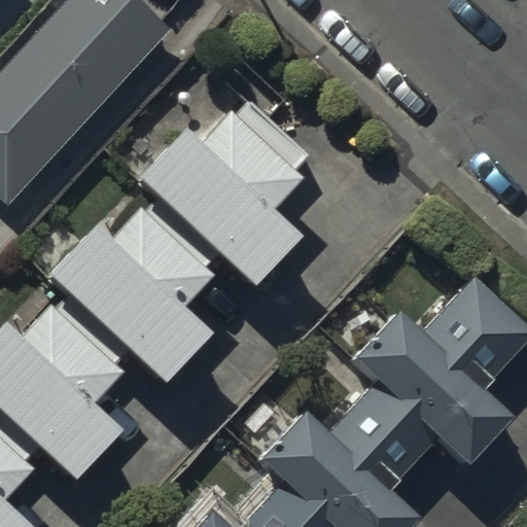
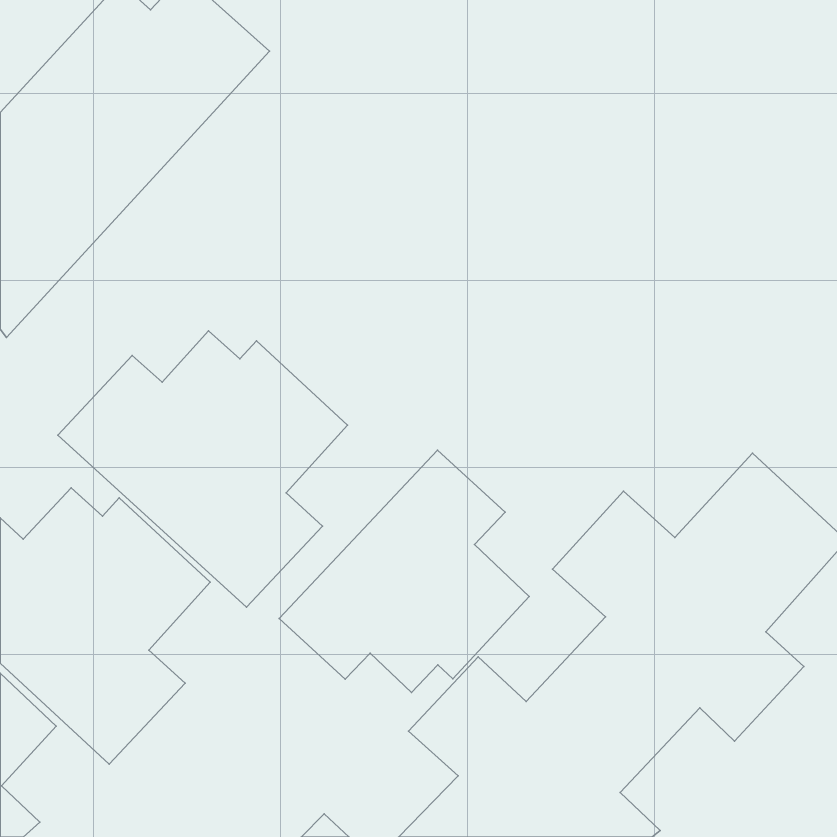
building: [132,108,312,280] -> none
building: none -> [279,450,529,692]

